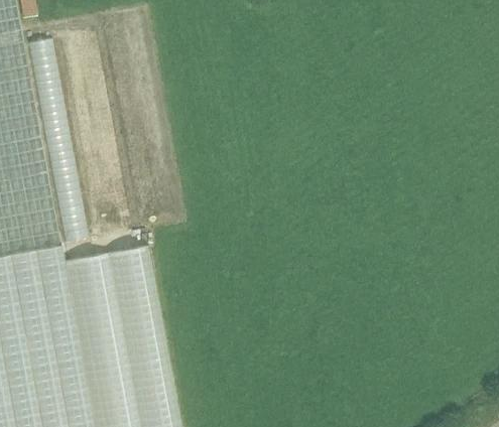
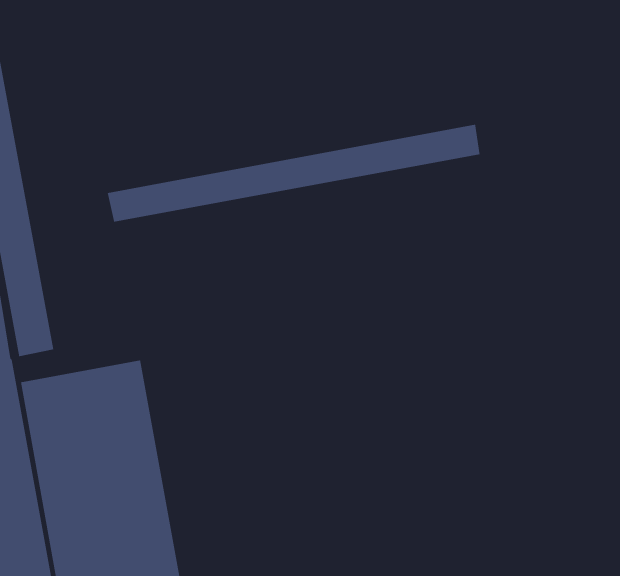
building: none -> [107,124,480,223]

